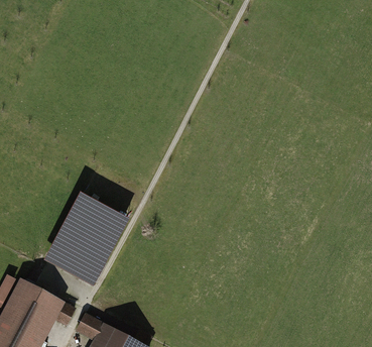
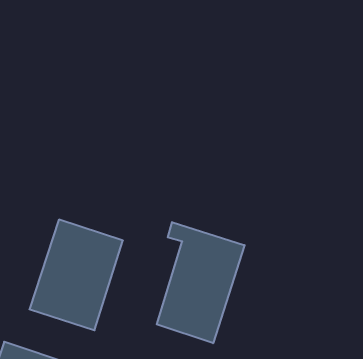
building: none -> [157,222,245,343]

